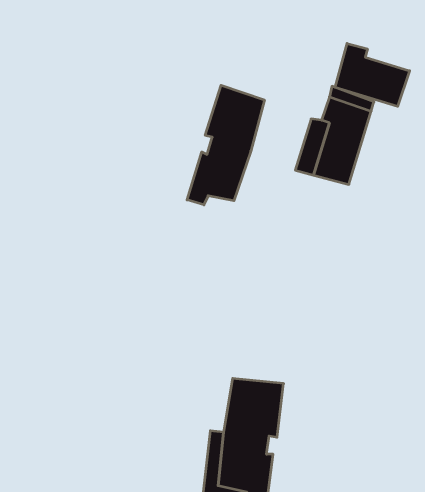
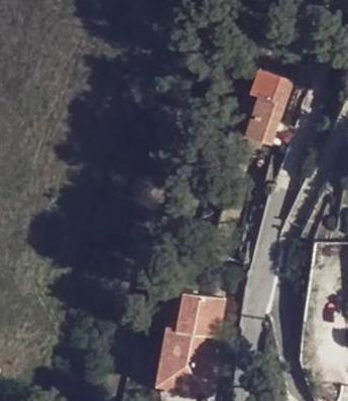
building: [335,43,410,106] -> none
building: [187,85,264,205] -> none

